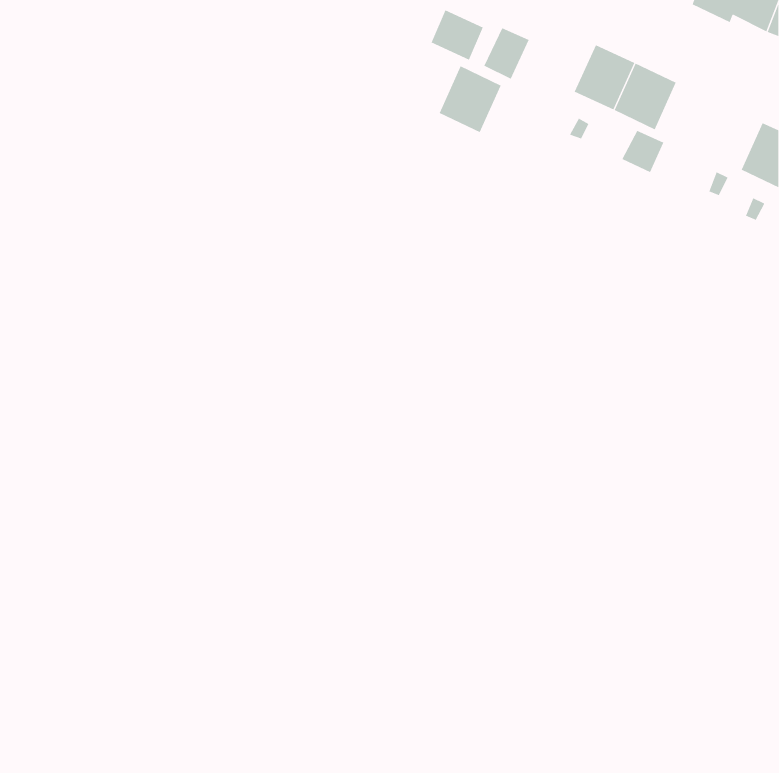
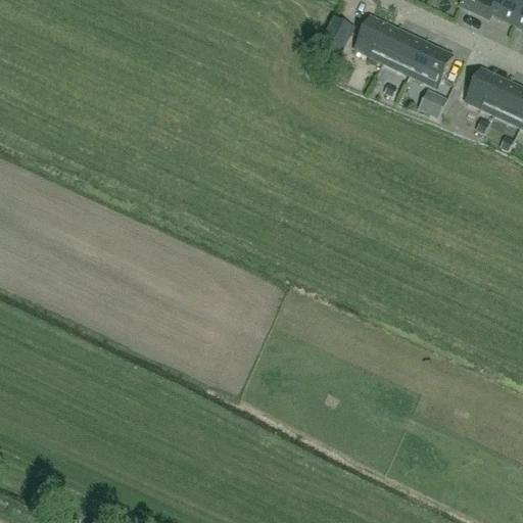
building: [431,10,483,60] -> none
building: [439,66,501,133] -> [355,16,397,61]
building: none -> [467,68,509,113]

